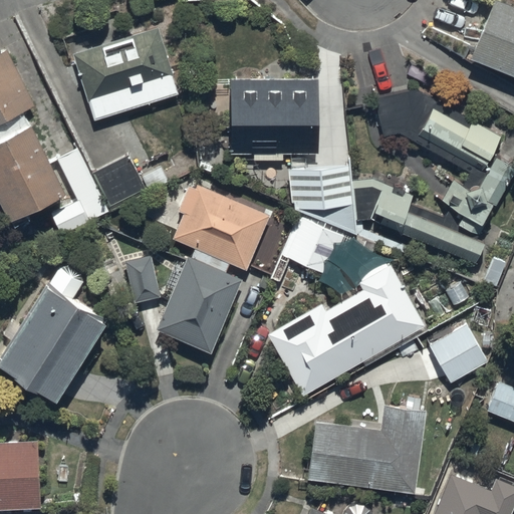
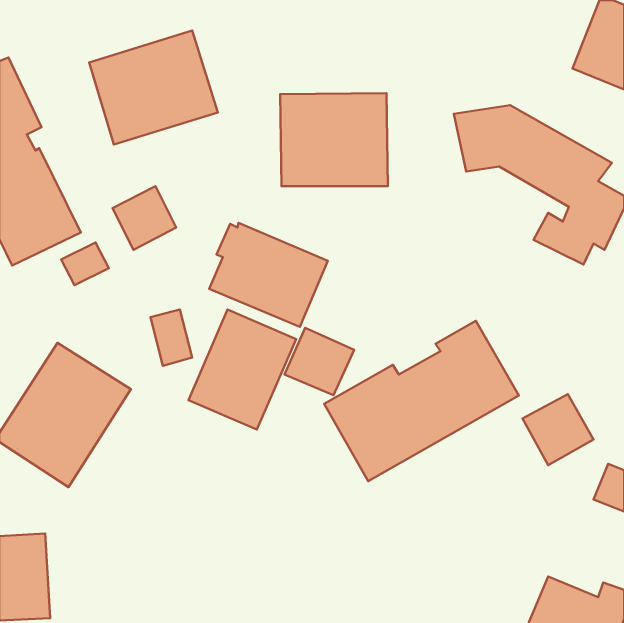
building: [287,163,483,262] -> none
building: [285,219,342,274] -> [284,328,354,395]
building: [308,406,426,494] -> none

